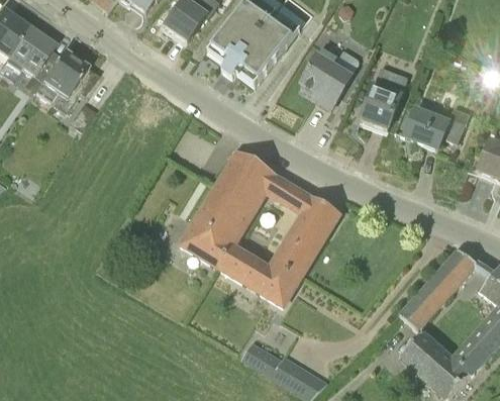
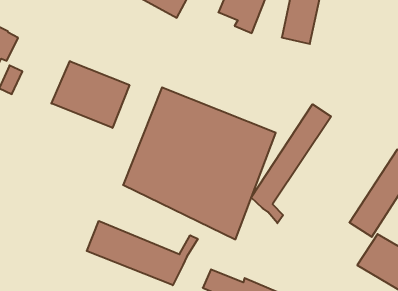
building: [404,105,469,148] -> none
building: none -> [51,61,129,128]
building: none -> [251,104,331,223]
building: none -> [87,221,198,285]

